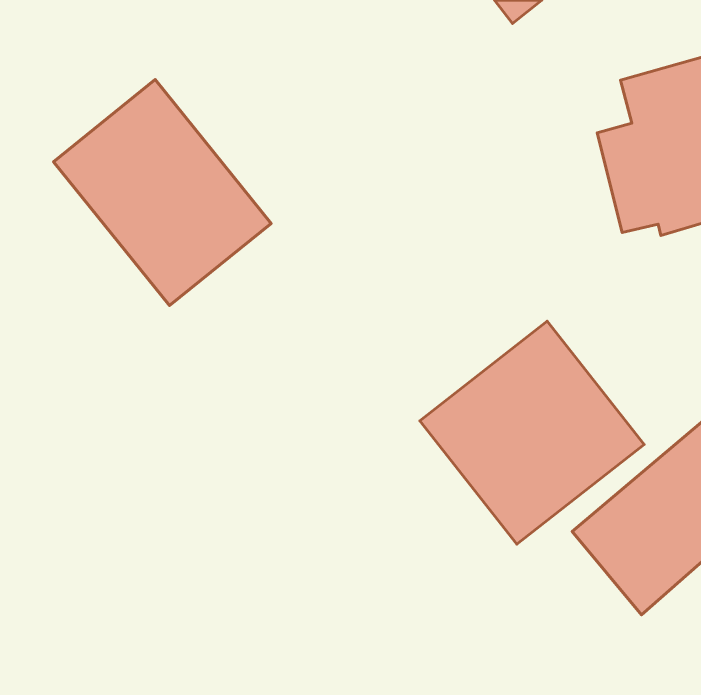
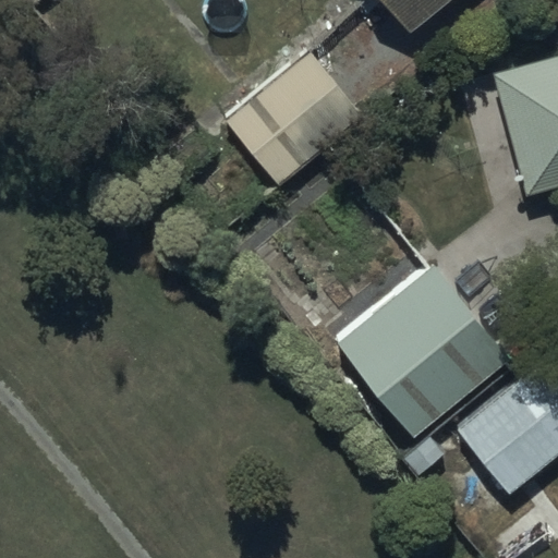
building: none -> [227,52,363,185]
building: [54,80,271,306] -> none

